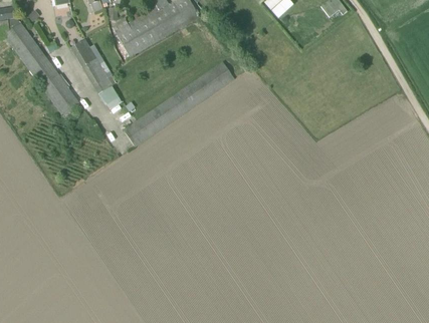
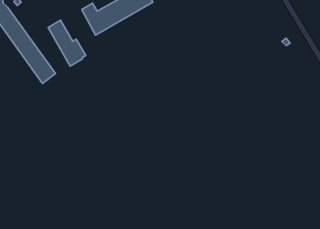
building: [124,60,235,145] -> none

